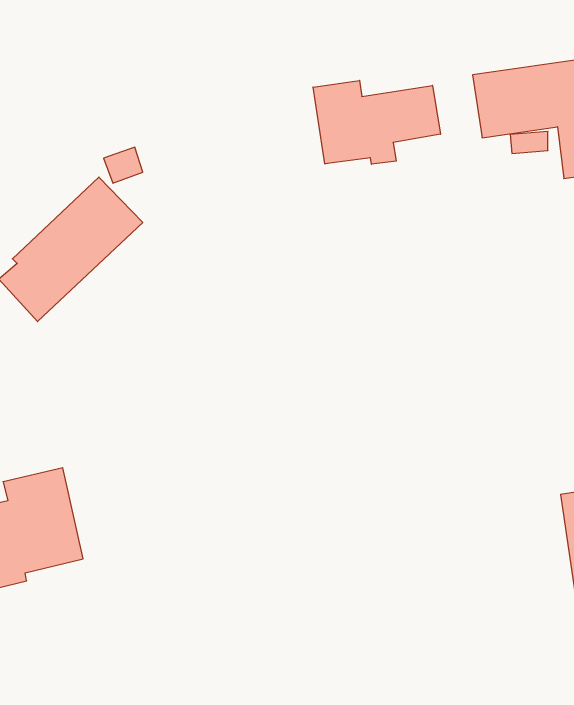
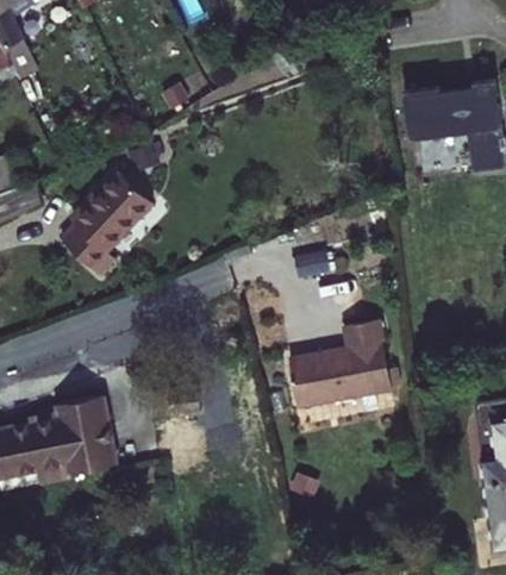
building: [313,80,440,164] -> none
building: none -> [289,319,394,408]

